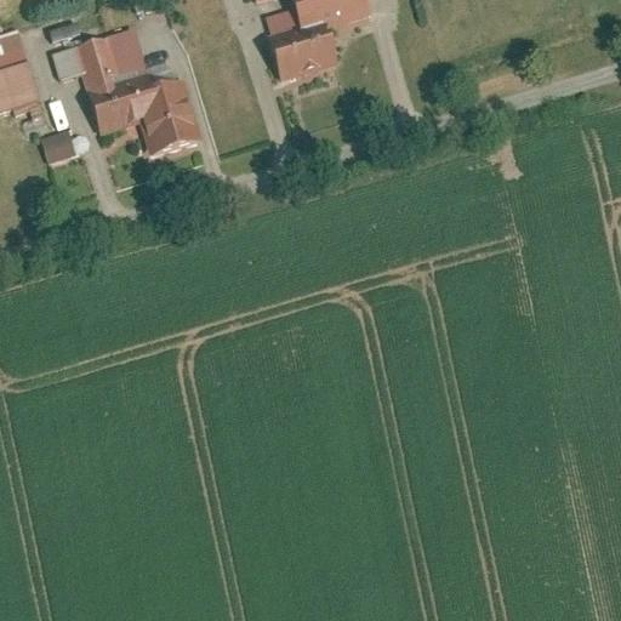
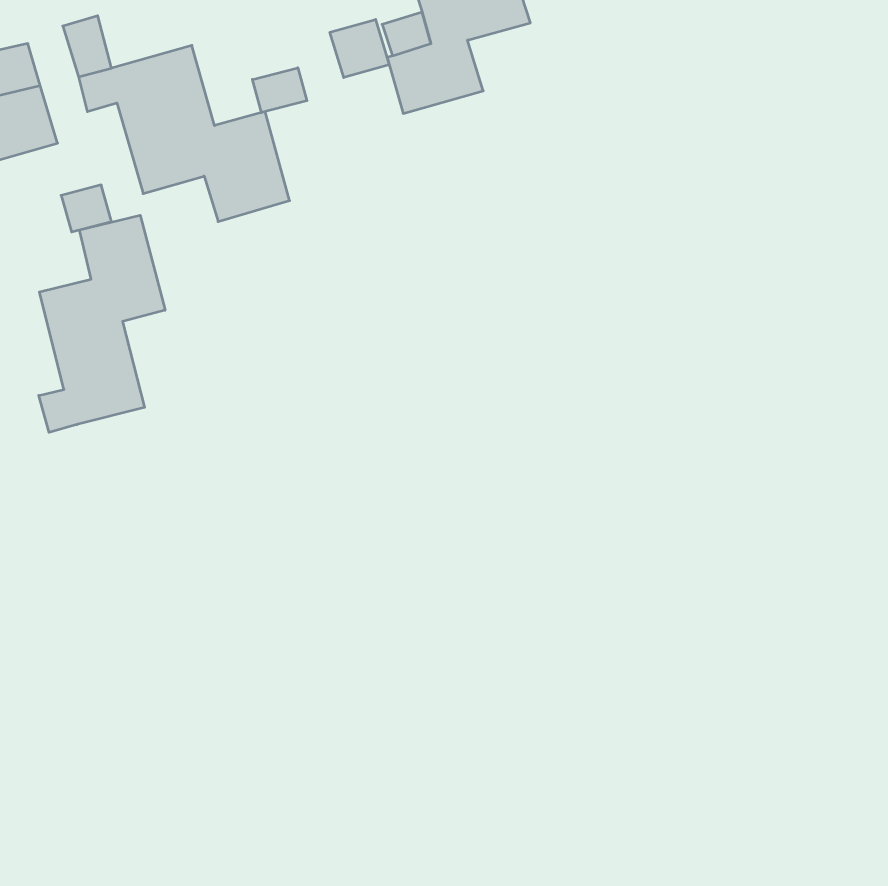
building: none -> [330,19,389,78]
building: none -> [252,68,307,113]
building: none -> [39,215,165,432]

